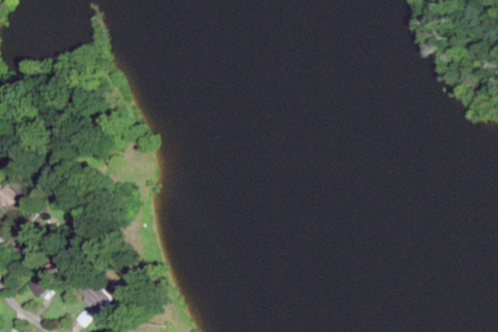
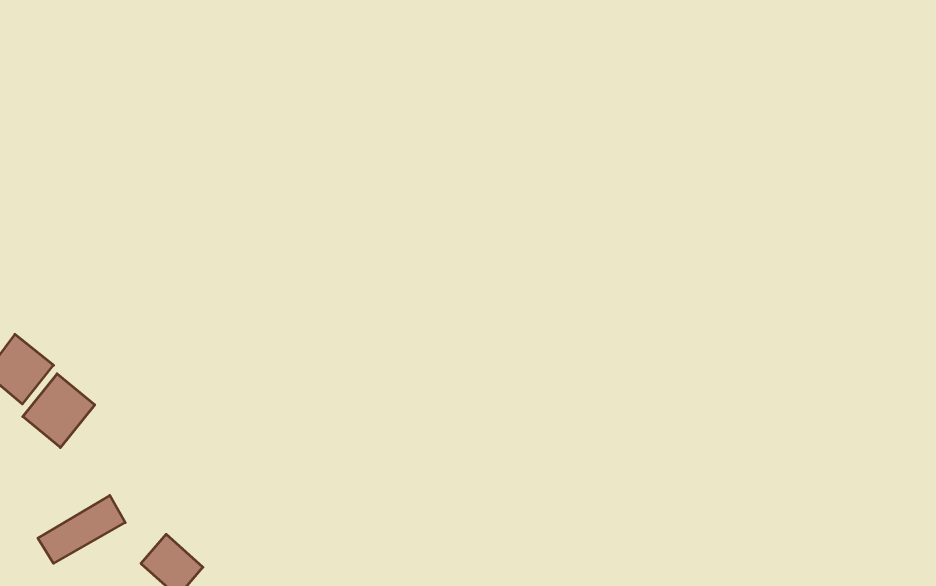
building: none -> [23,374,95,448]

